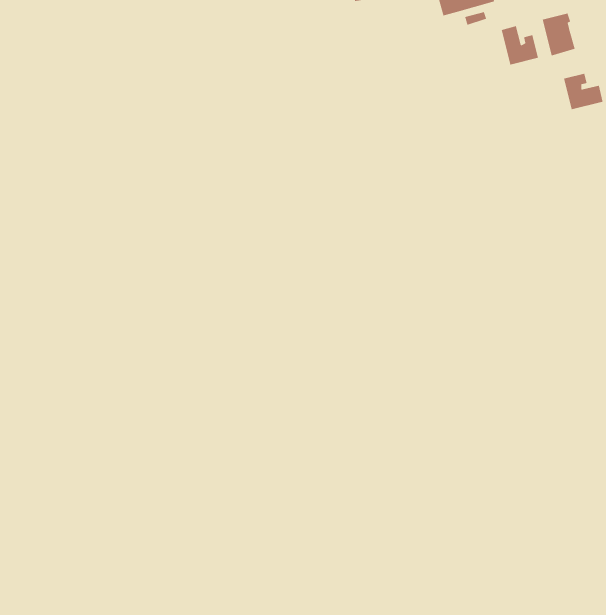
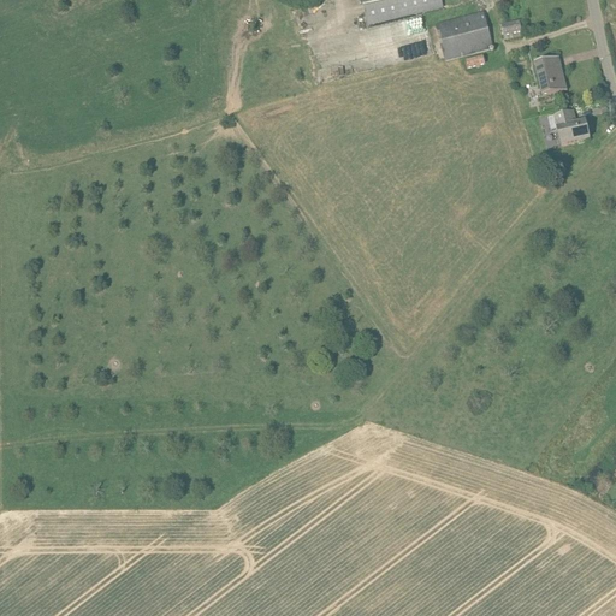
building: [501,25,539,65] -> none

